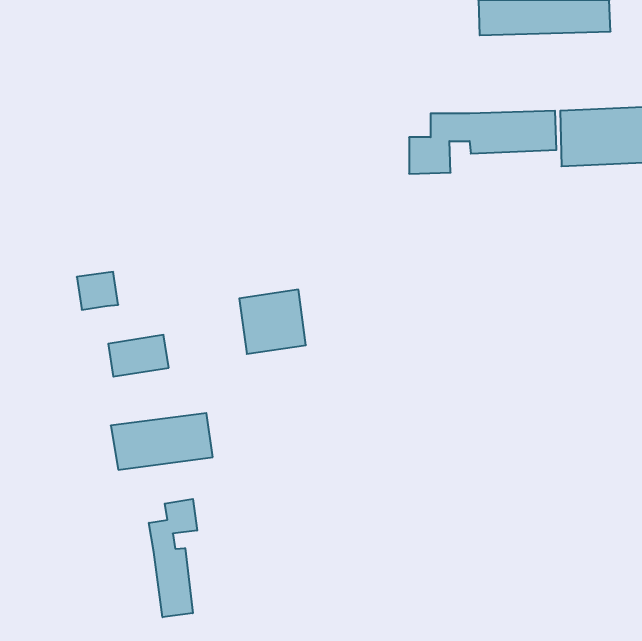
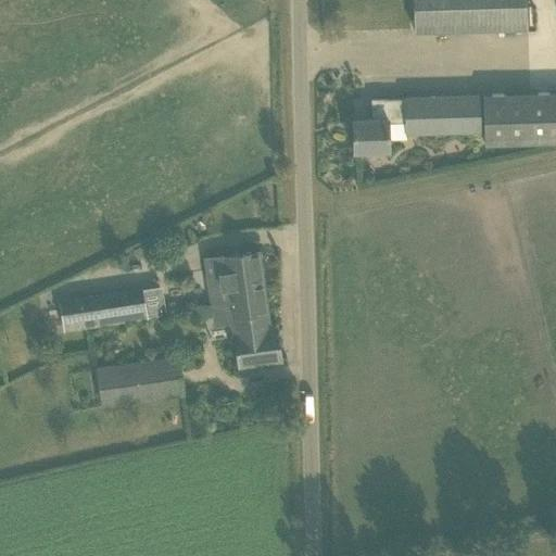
building: [77,272,118,310] -> [63,299,99,331]
building: none -> [214,300,282,366]
building: [149,499,197,617] -> none

